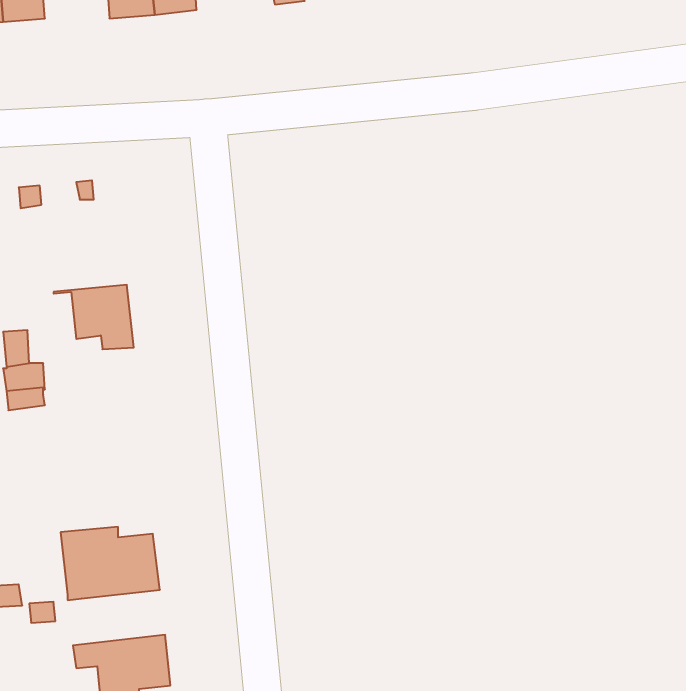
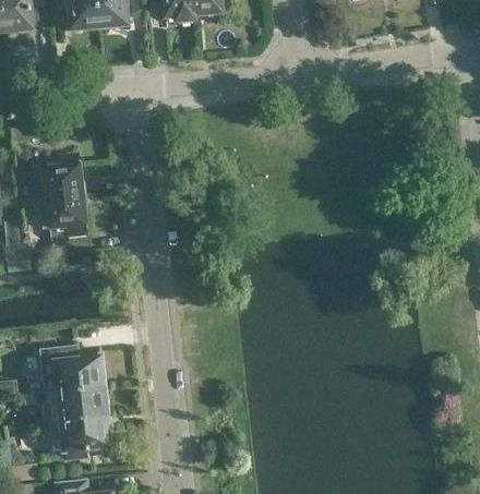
building: none -> [19,156,83,200]
building: none -> [43,386,107,421]

